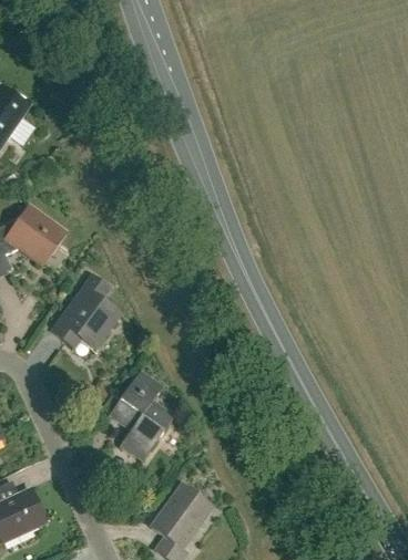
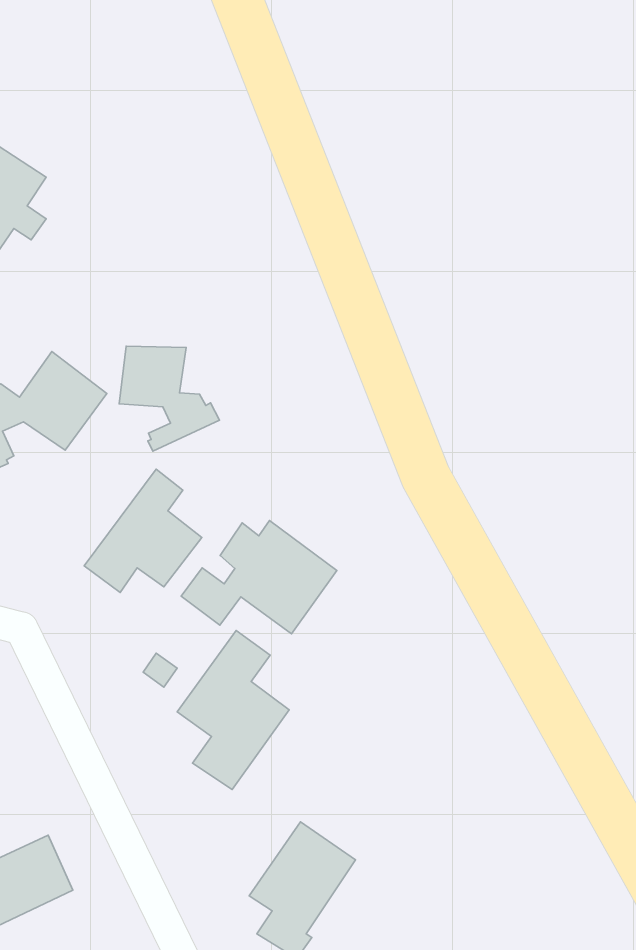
building: none -> [119,346,219,451]
building: none -> [181,520,337,634]

